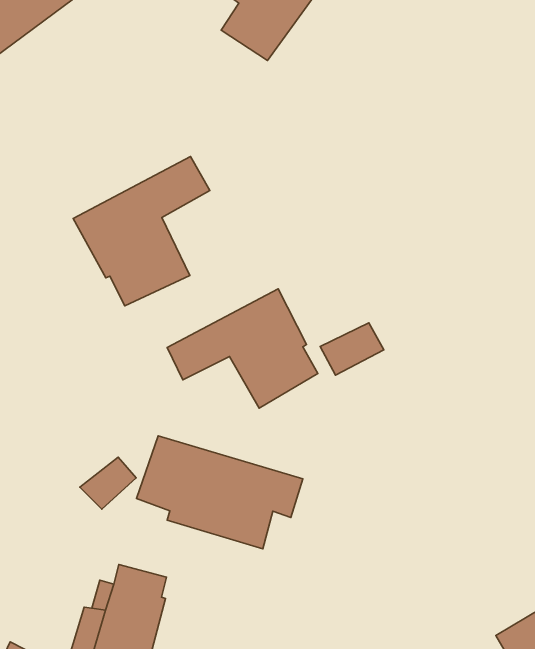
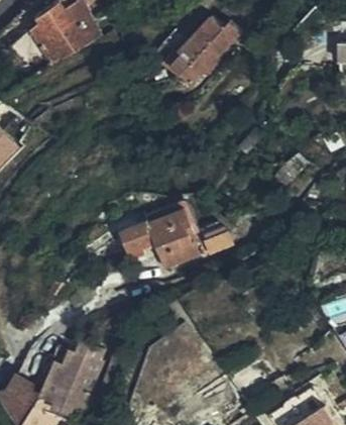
building: [73,157,210,306] -> none
building: [137,436,303,549] -> none

